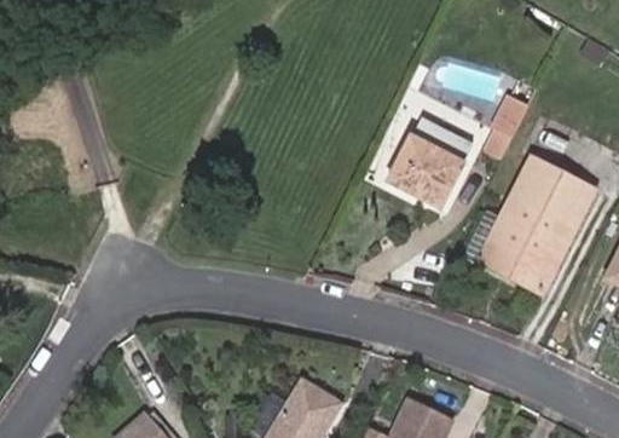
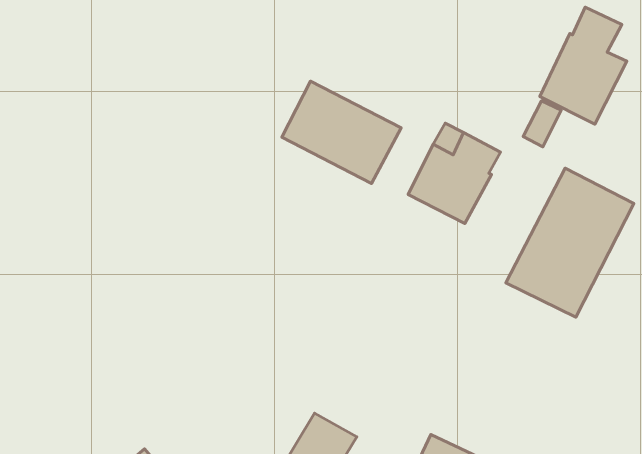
building: none -> [540,7,627,124]
building: none -> [282,81,401,184]

